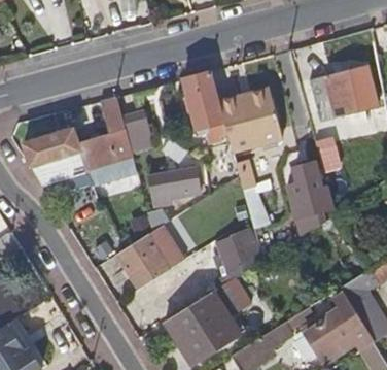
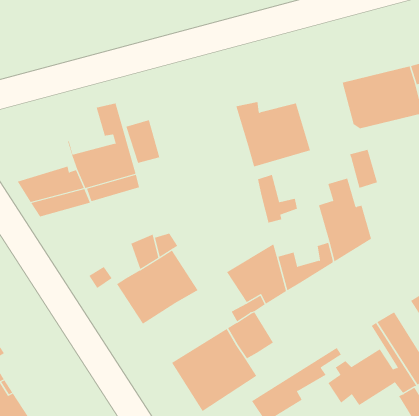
building: [182,71,228,145] -> none
building: [24,130,81,165] -> none
building: [149,169,200,206] -> none

